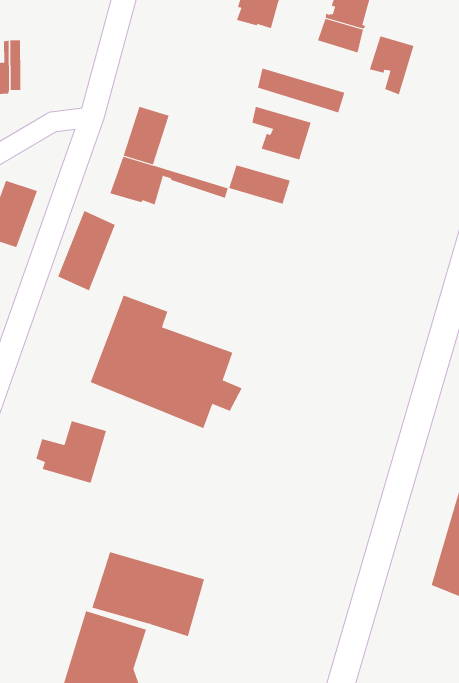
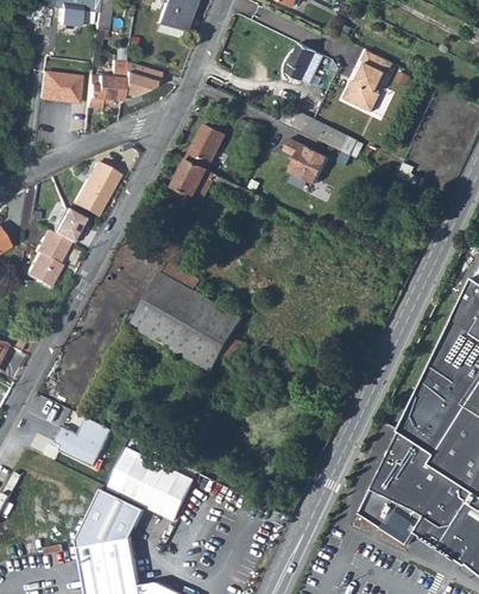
building: [369,35,414,95] -> none
building: none -> [121,62,162,94]
building: [228,164,290,205] -> none
building: [58,210,116,291] -> none
building: [35,421,107,484] -> [56,418,112,467]

